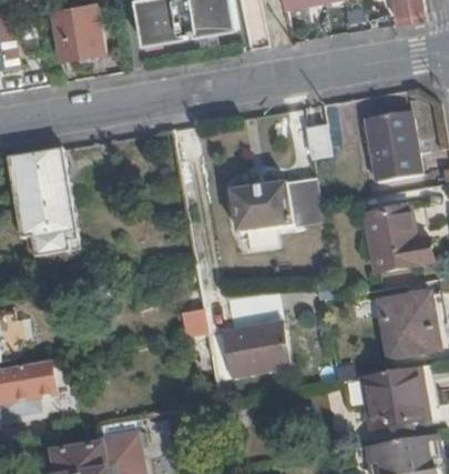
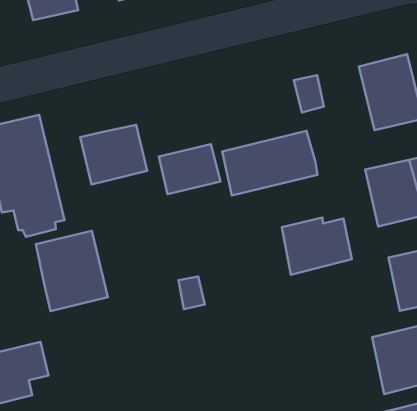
building: none -> [80,125,147,184]
building: none -> [159,144,220,194]
building: none -> [36,231,108,311]
building: [225,323,289,375] -> [282,218,352,275]

